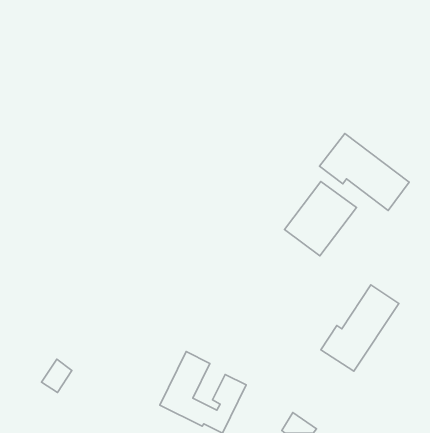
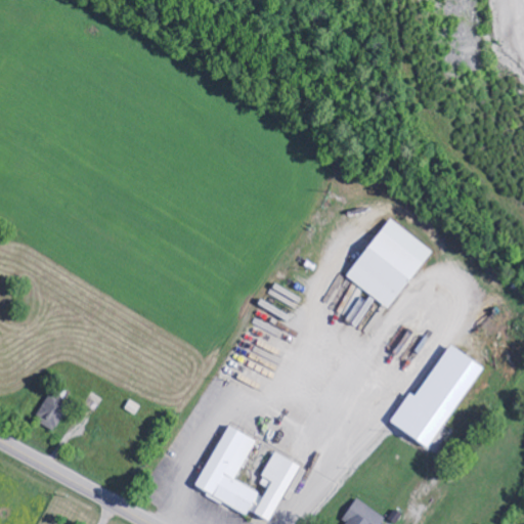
building: [320,134,409,211] -> none
building: [41,359,72,392] -> [33,390,70,430]

